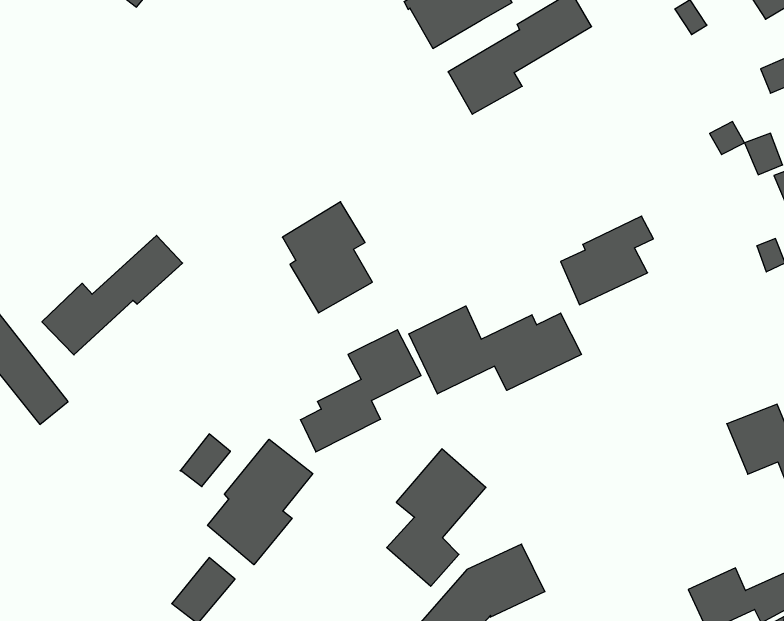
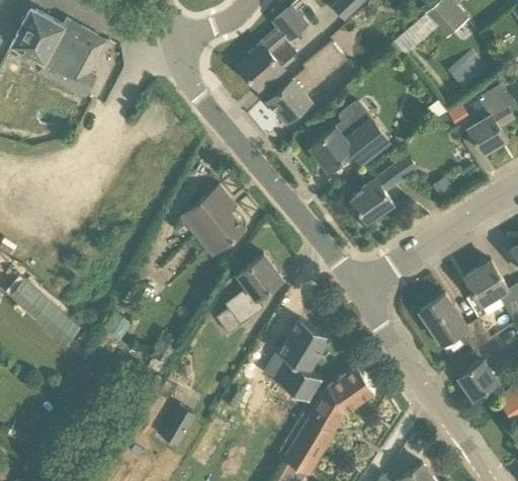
building: none -> [310,103,388,171]
building: [42,235,183,355] -> none
building: [409,306,581,394] -> none
building: [208,439,313,565] -> none
building: none -> [419,294,492,350]

